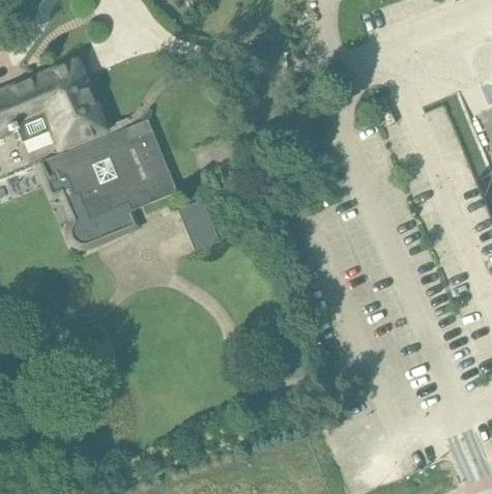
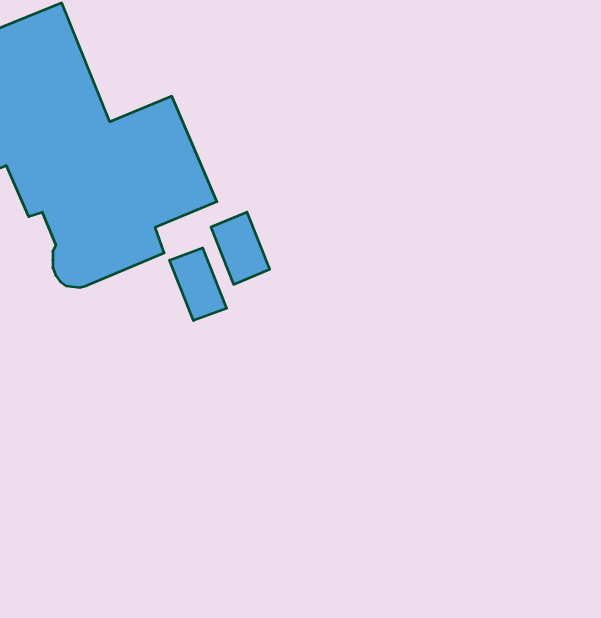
building: none -> [170,248,227,321]

